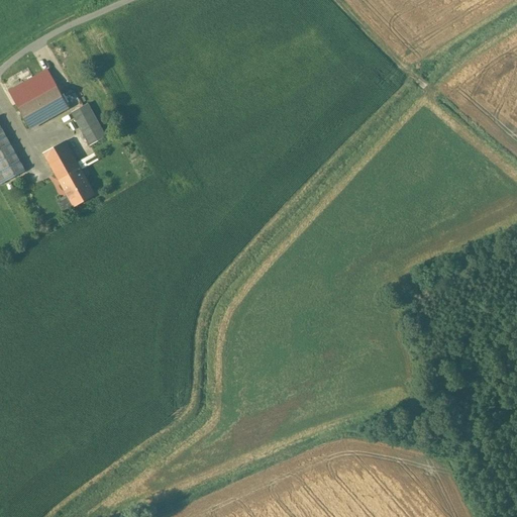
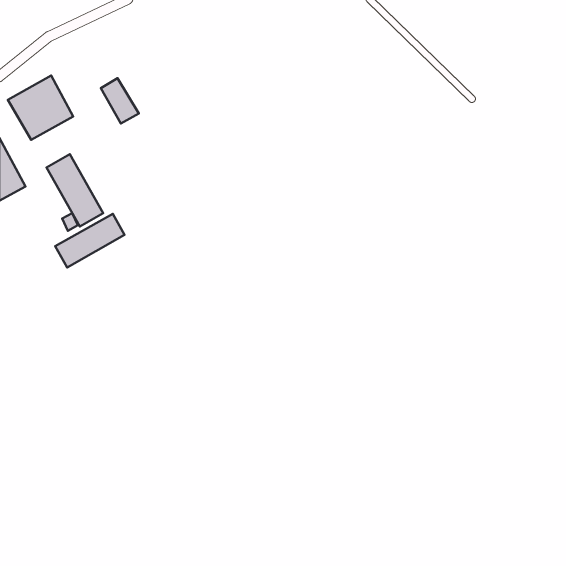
building: [71,103,105,144] -> [101,78,139,124]
building: none -> [55,214,125,267]

